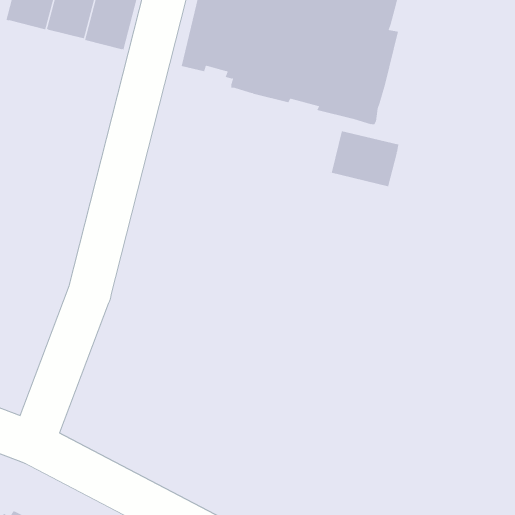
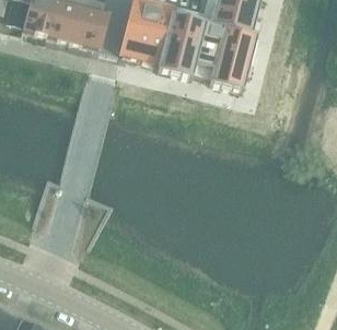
building: [329,130,399,187] -> none

